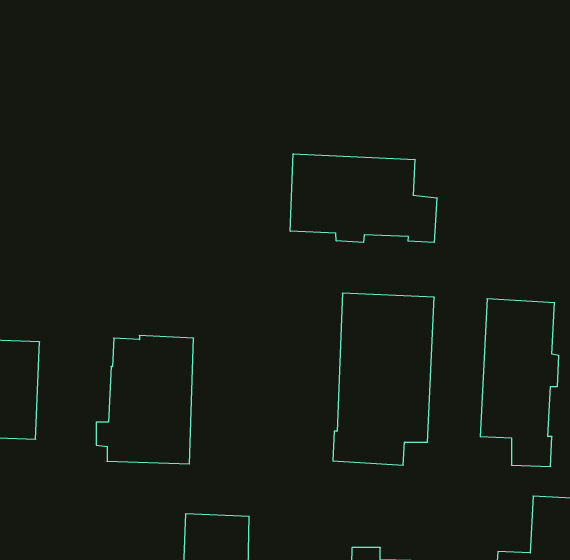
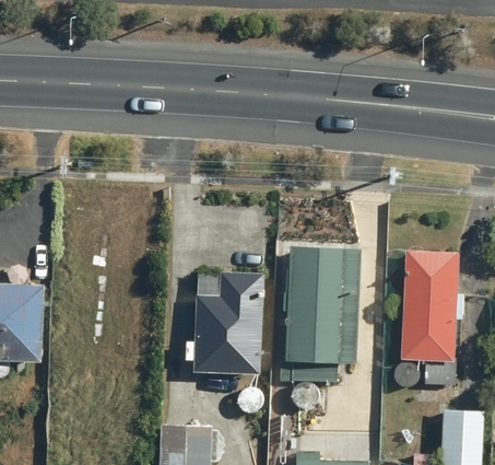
building: [290,154,437,242] -> none
building: [96,335,194,464] -> [185,271,263,375]

